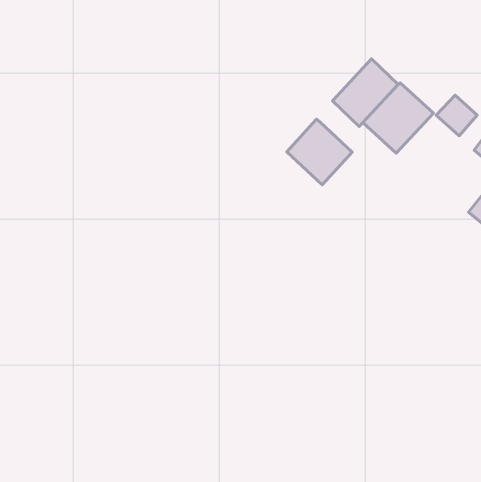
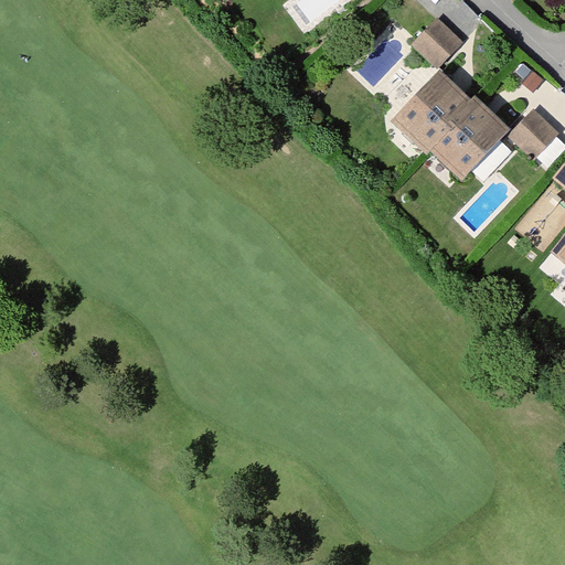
building: none -> [415,18,465,67]
building: [287,119,352,185] -> none

